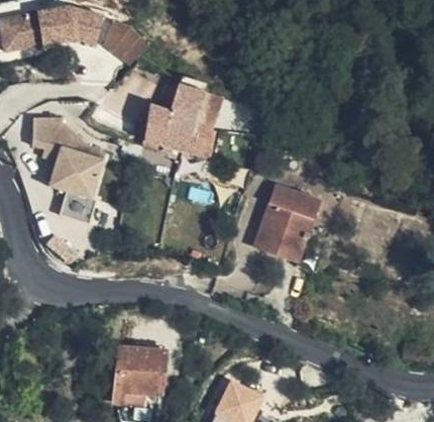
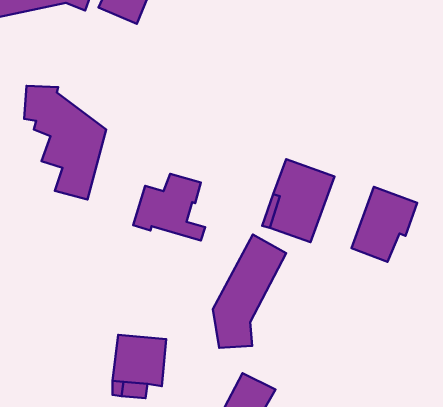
building: [144,92,211,153] -> [133,174,205,240]
building: none -> [351,187,417,262]
building: none -> [213,235,286,348]

